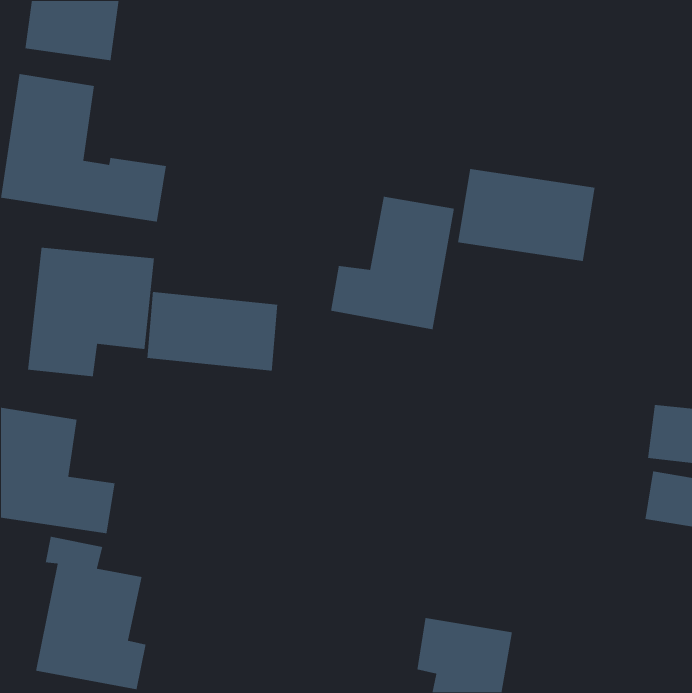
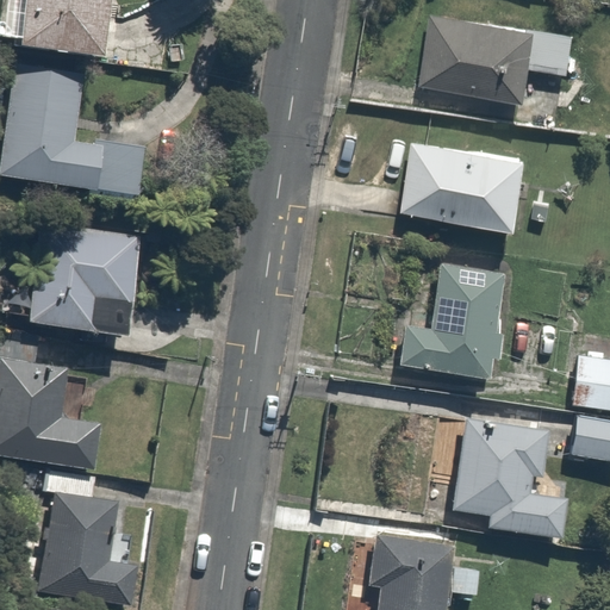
building: none -> [417,12,572,99]
building: [330,196,455,330] -> [396,268,505,386]
building: [146,291,278,371] -> none
building: none -> [447,418,571,543]

